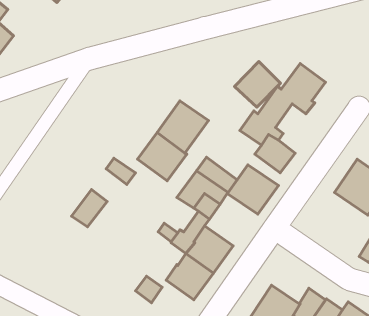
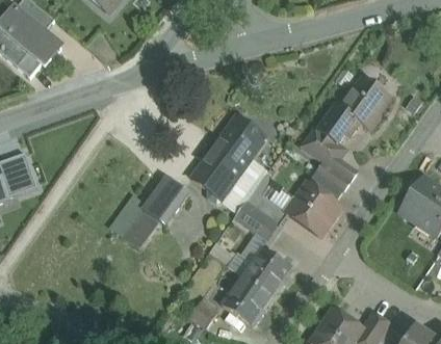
building: [235,61,280,107] -> none
building: none -> [142,186,180,224]

